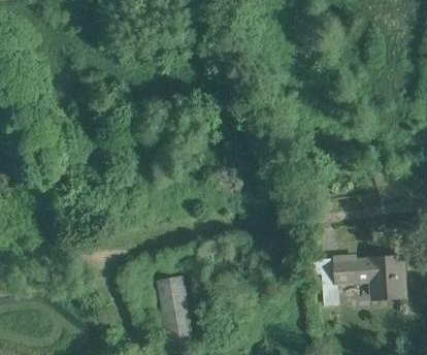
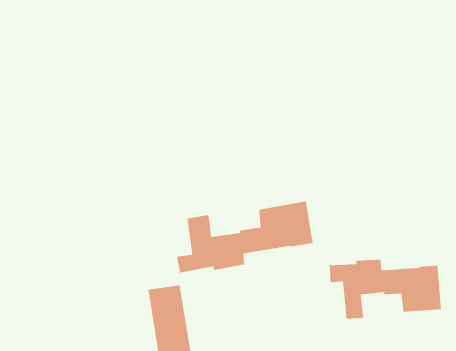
building: none -> [176,201,314,274]

